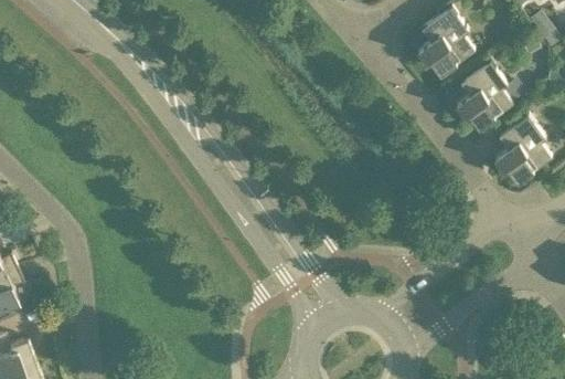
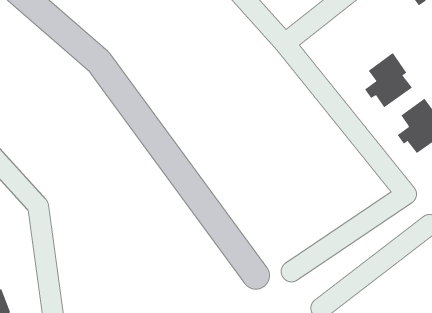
building: [416,10,473,76] -> none

